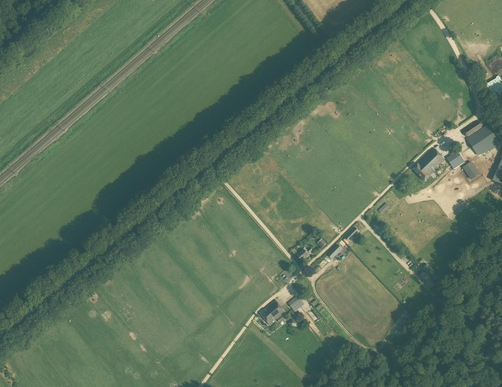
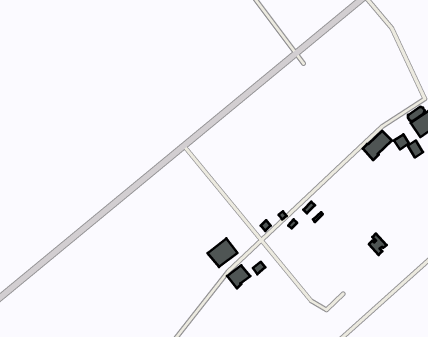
building: none -> [208,238,237,267]

